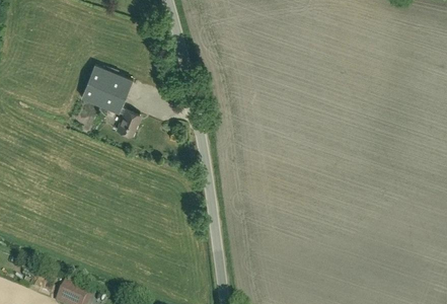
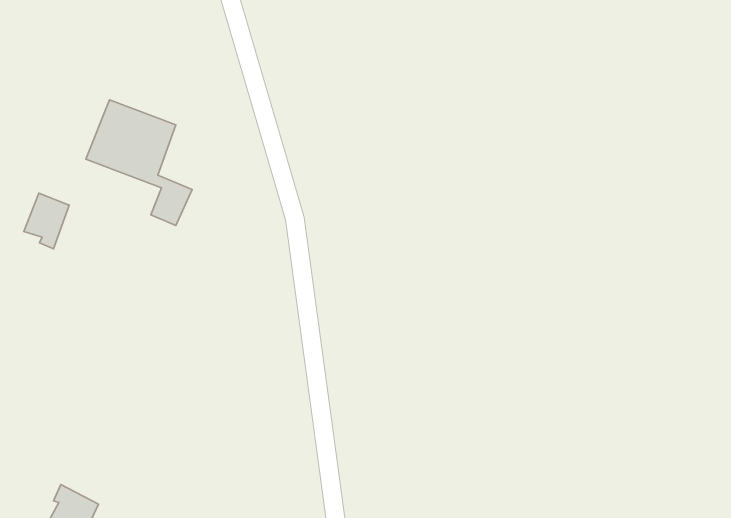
building: none -> [24,193,69,249]

